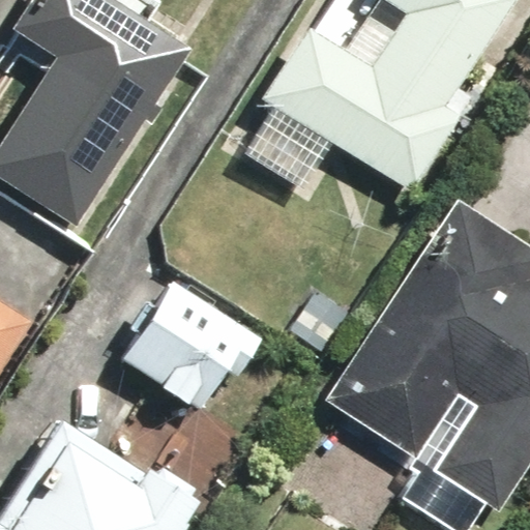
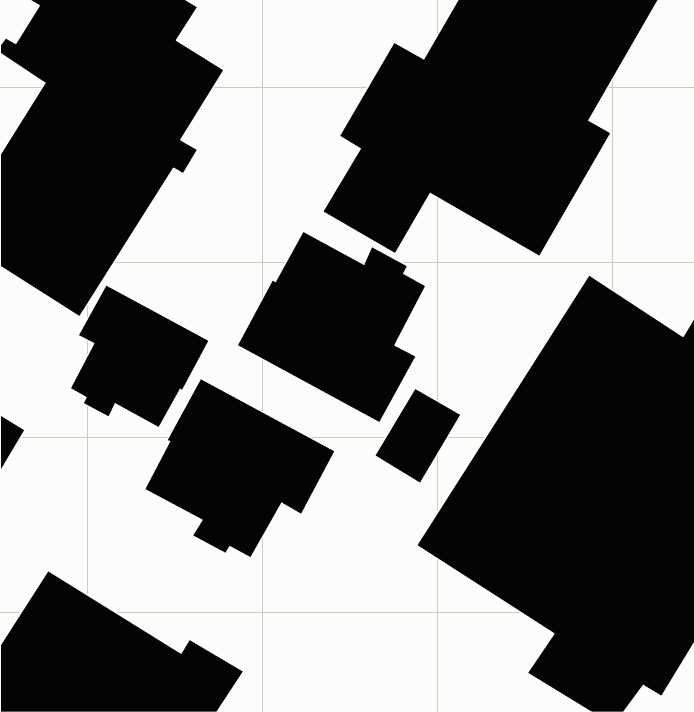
building: none -> [237,231,426,423]
building: none -> [70,285,209,428]

